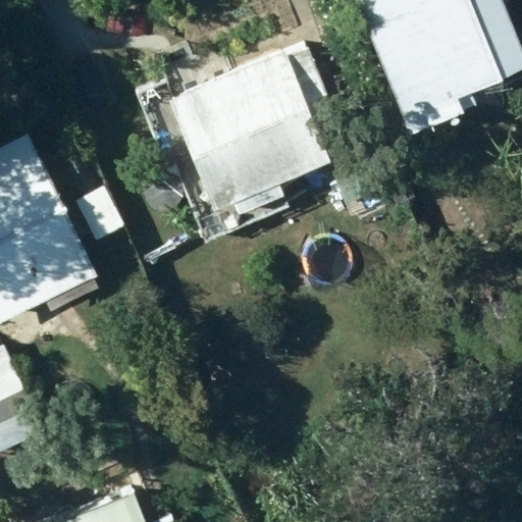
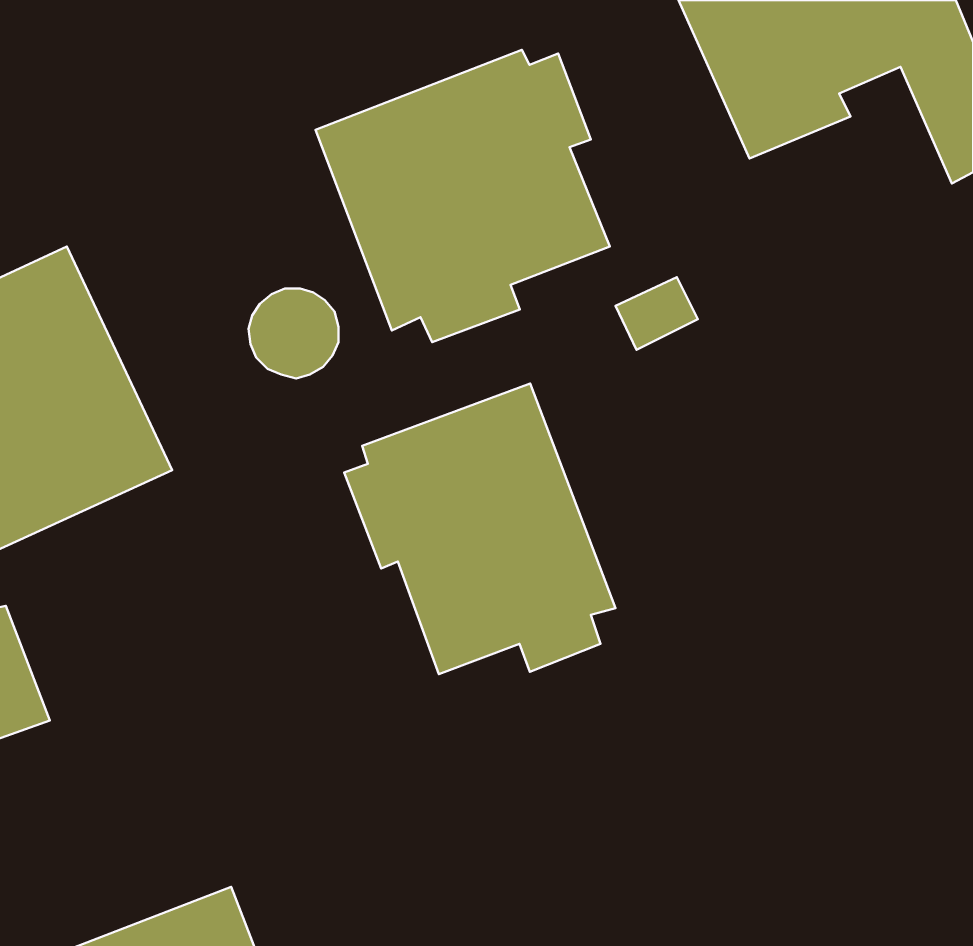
building: none -> [344,384,616,674]

